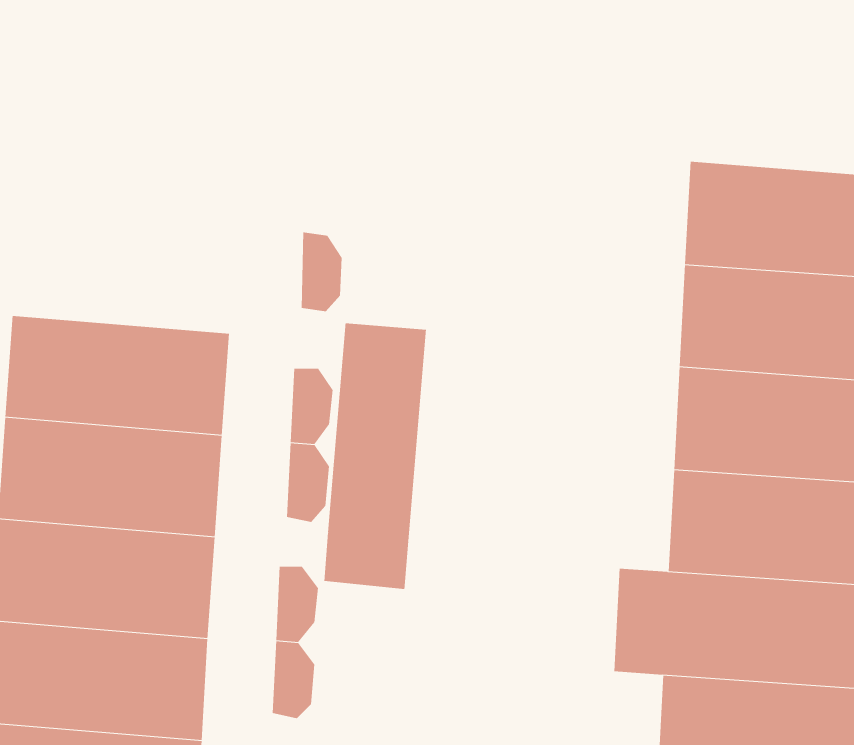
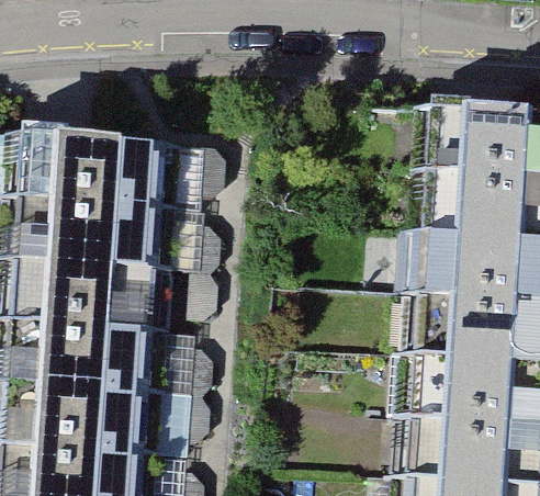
building: none -> [25,134,160,206]
building: [324,322,427,590] -> none

